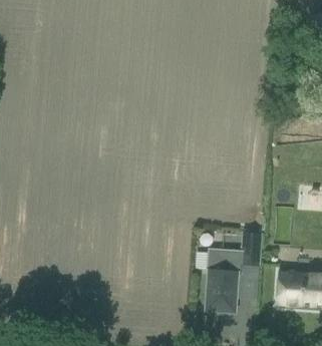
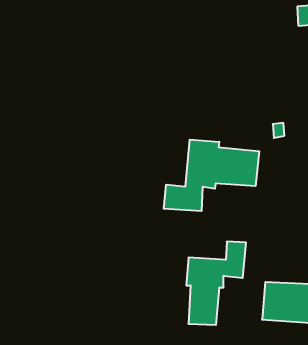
building: none -> [164,140,259,211]

